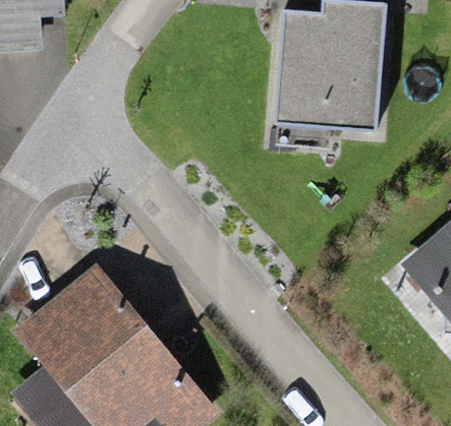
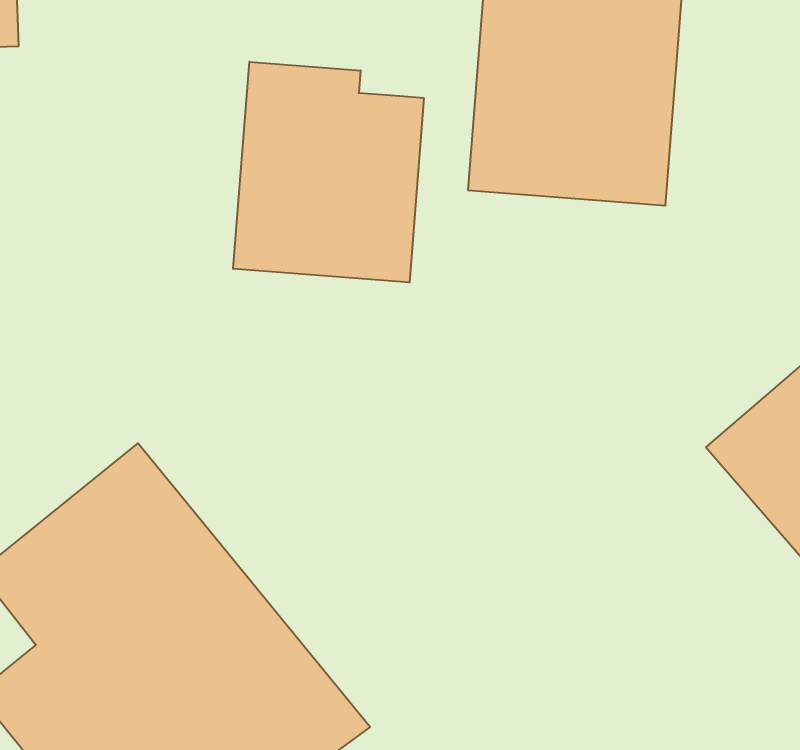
building: none -> [233,62,424,283]

